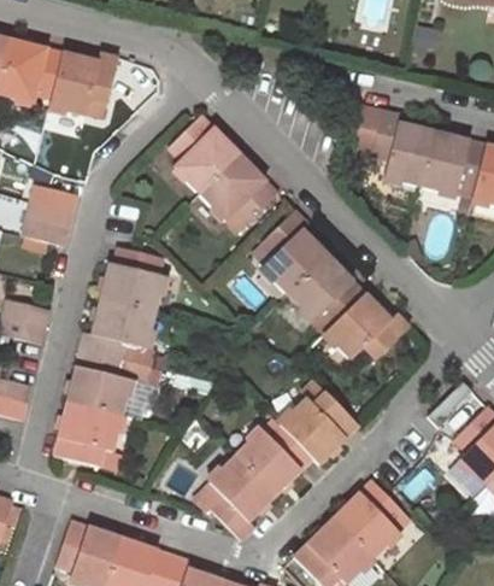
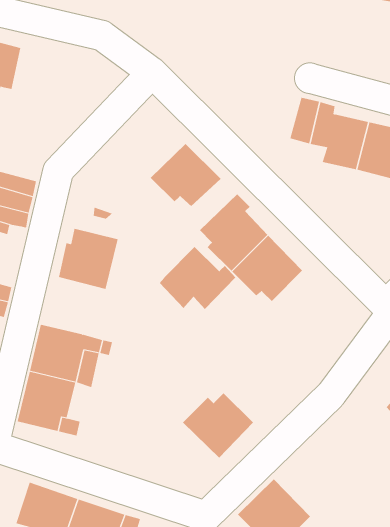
building: [49,53,118,119] -> none
building: [166,116,237,193] -> none
building: [325,293,408,362] -> [159,246,236,310]
building: [81,300,152,362] -> none
building: [278,392,357,463] -> none
building: [207,457,274,538] -> none
building: [333,479,406,558] -> none

